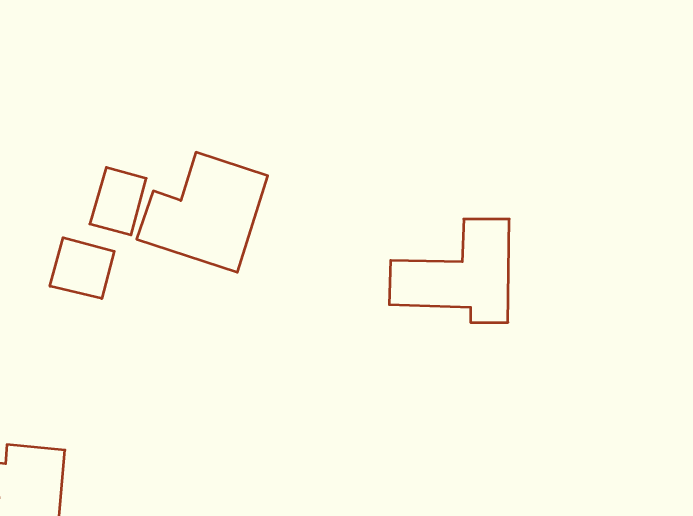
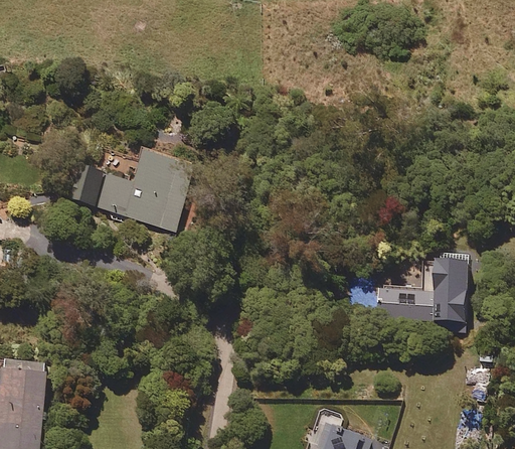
building: [389,219,509,322] -> [375,259,463,334]
building: [50,238,114,299] -> none

